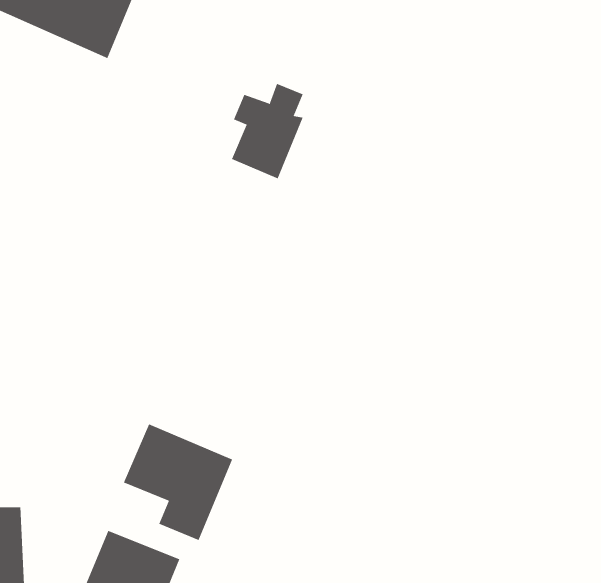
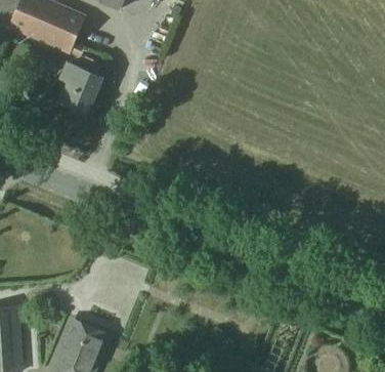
building: [231,83,304,179] -> [59,57,100,112]
building: [123,423,233,541] -> none

